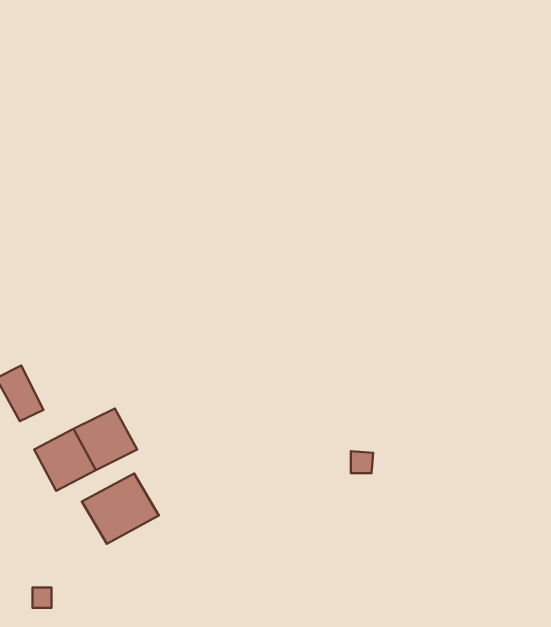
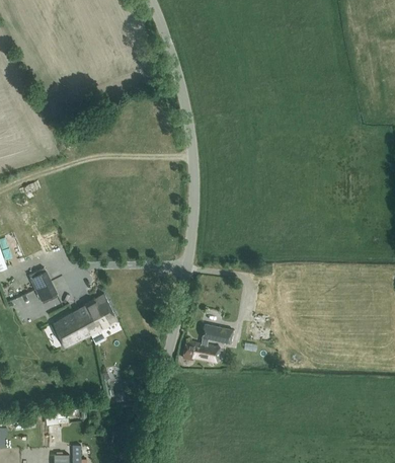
building: none -> [182,324,233,363]
building: [82,473,159,544] -> none

